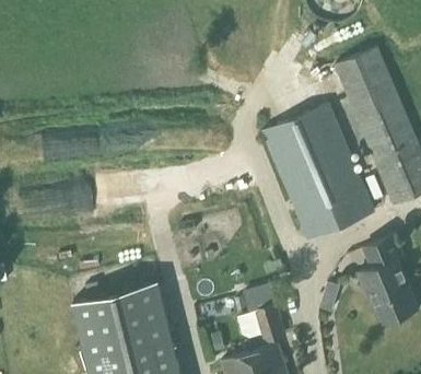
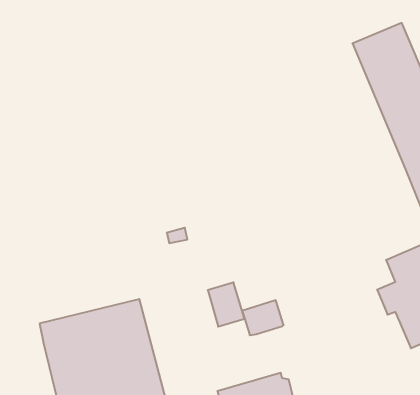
building: [264,106,374,242] -> none
building: [255,306,285,343] -> [208,282,244,327]

